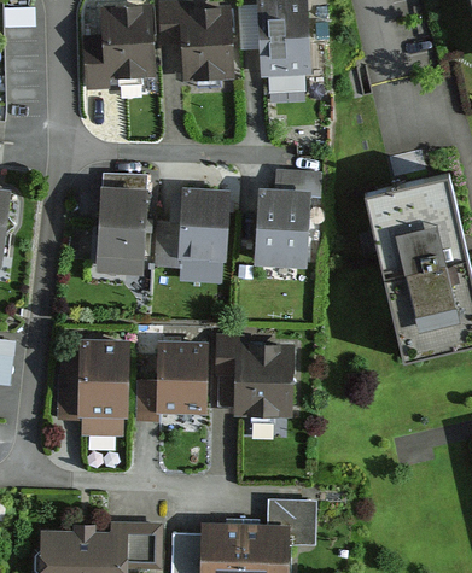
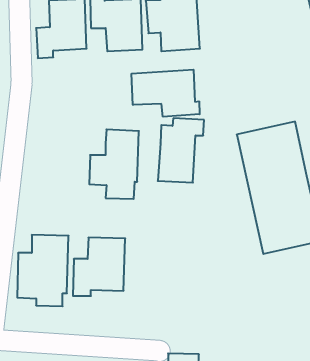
building: none -> [132,70,200,117]
building: [97,175,148,273] -> none
building: [215,338,291,415] -> none

